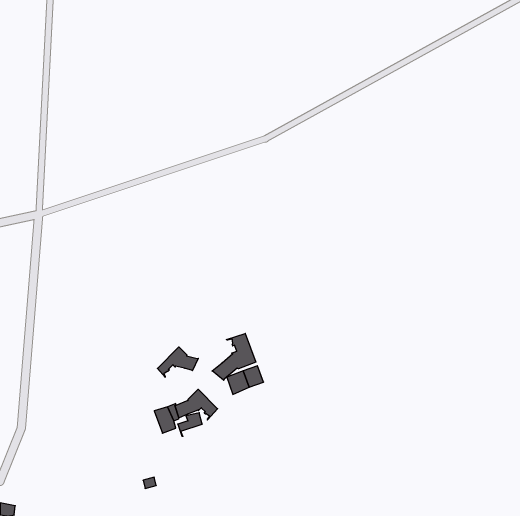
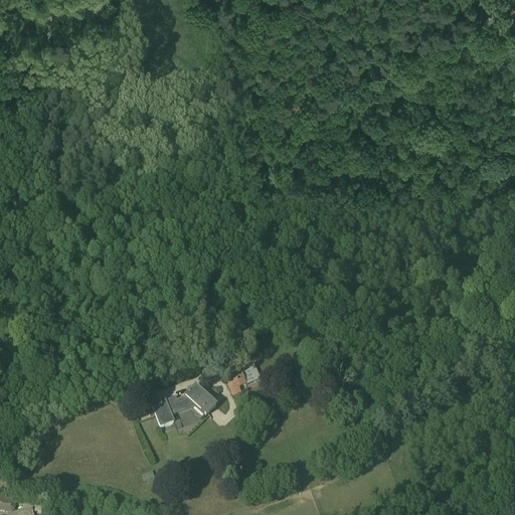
building: [212,333,256,380] -> none
building: [157,347,198,377] -> none

